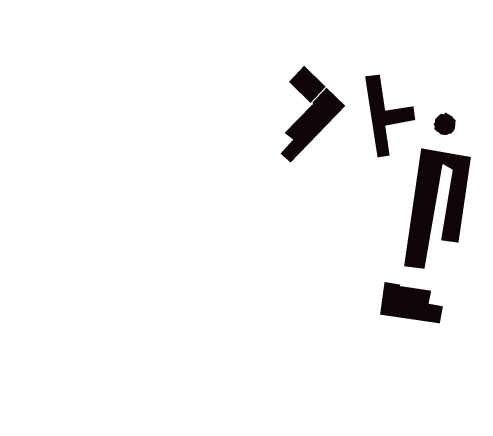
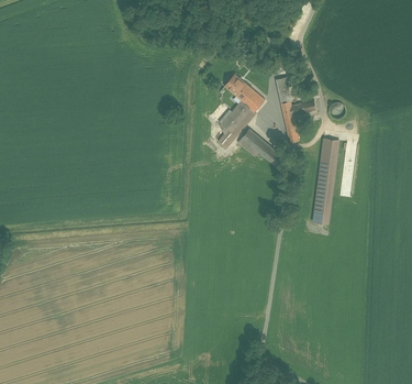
building: none -> [238,128,276,161]
building: [379,281,444,324] -> none

